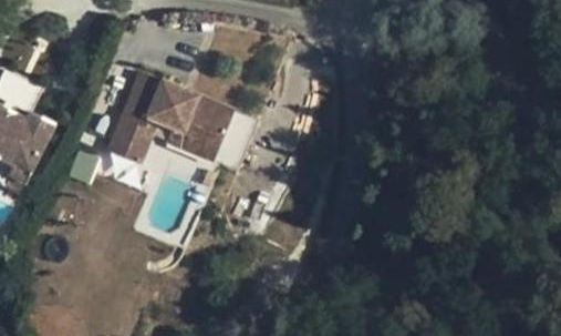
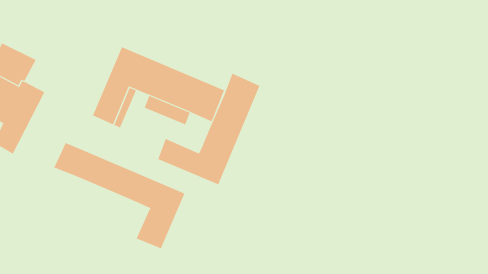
building: none -> [157,73,260,185]
building: none -> [54,142,185,249]

